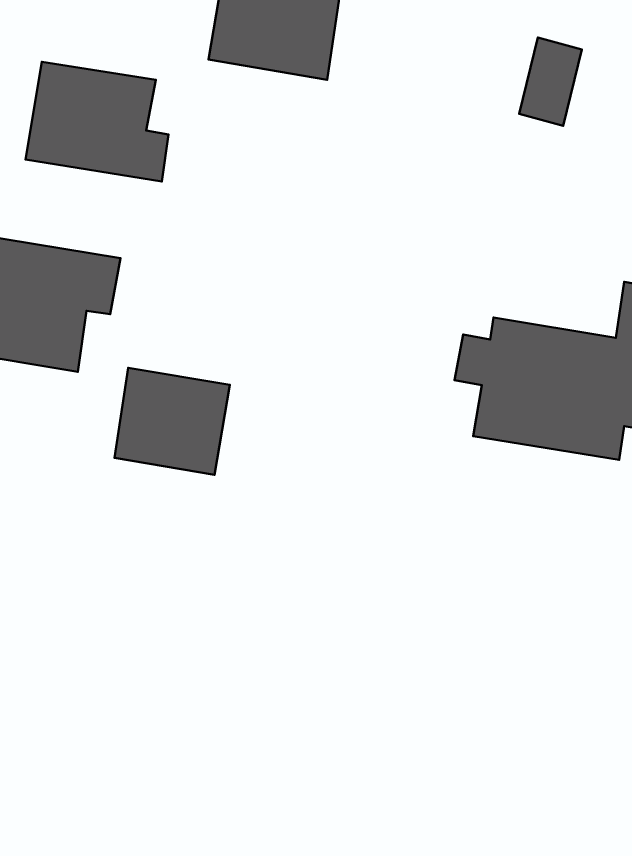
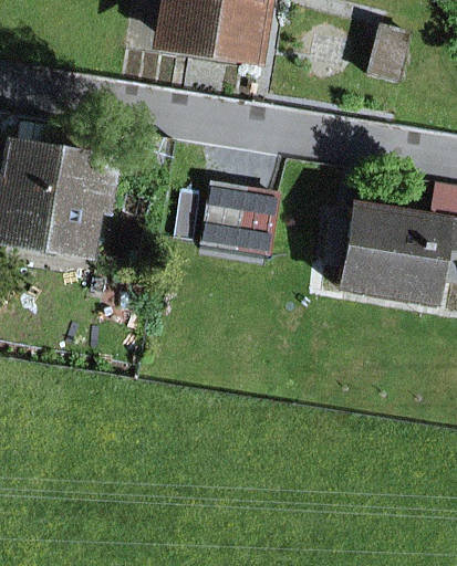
building: [25,62,168,182] -> none
building: [115,368,230,475] -> [204,185,279,254]

